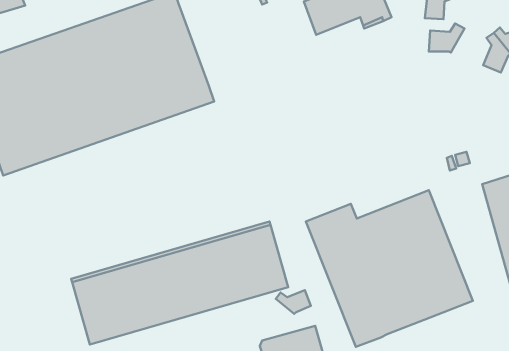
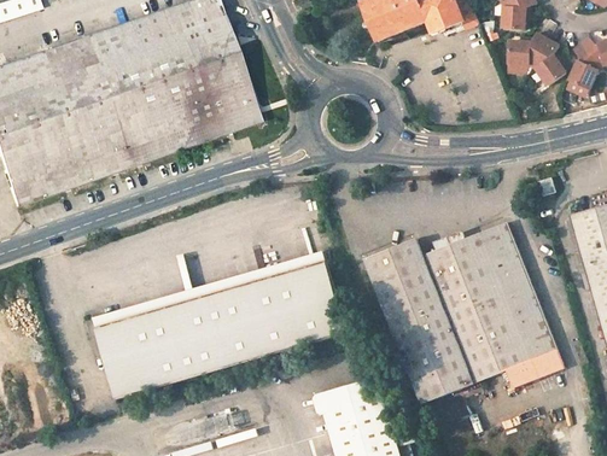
building: none -> [533,34,566,82]
building: [276,290,311,314] -> none
building: none -> [509,349,566,386]

